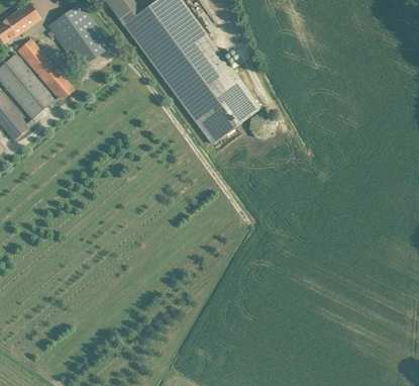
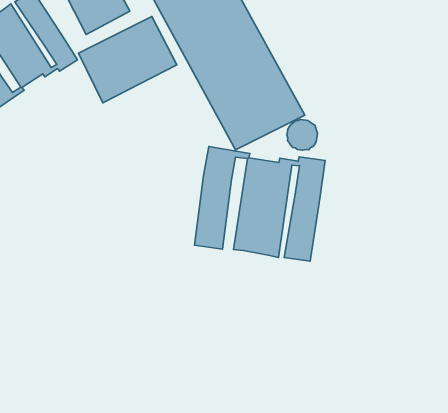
building: none -> [78,17,177,103]
building: none -> [194,147,325,261]

